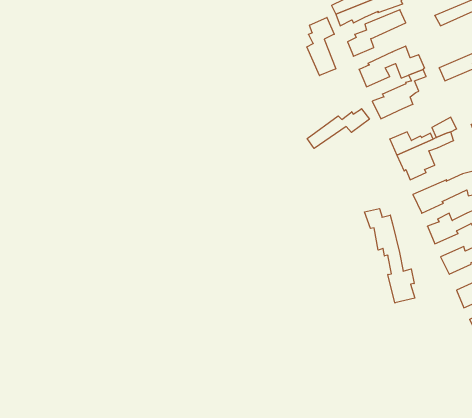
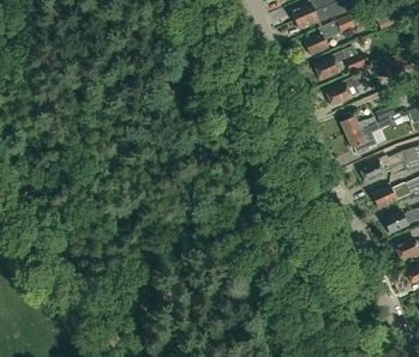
building: [307,17,336,76] -> none
building: [307,109,369,148] -> none
building: [365,209,415,303] -> none

